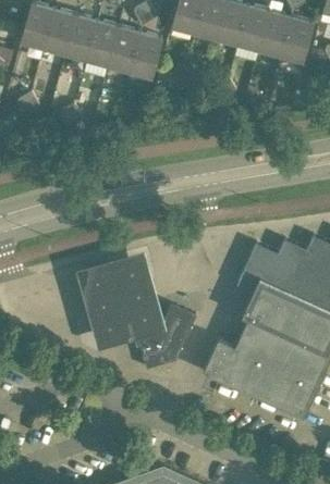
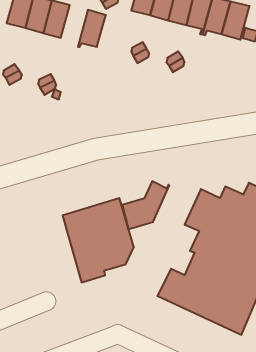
building: [86,21,119,71] -> none
building: [130,33,162,77] -> none
building: [138,311,195,369] -> [122,181,169,229]

